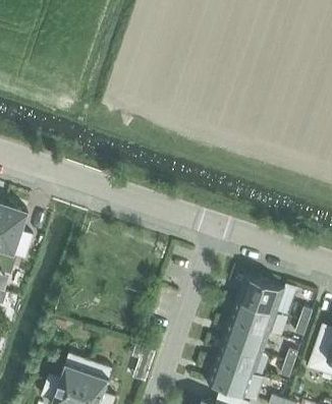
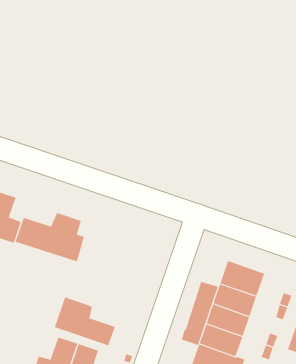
building: none -> [15,212,85,262]
building: none -> [181,281,218,346]
building: none -> [54,297,116,346]

